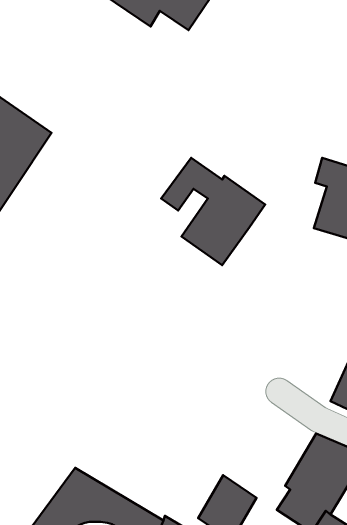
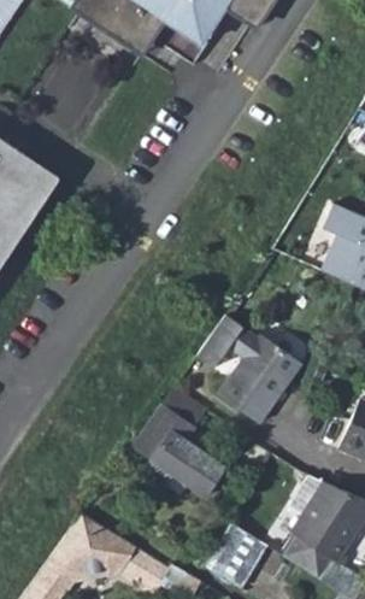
building: [161,158,265,265] -> [195,317,300,425]
building: none -> [135,388,224,499]

